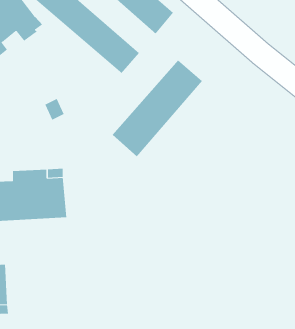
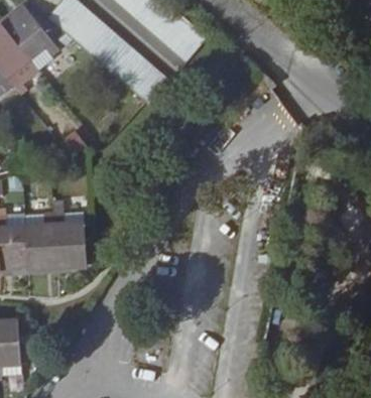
building: [112,60,203,157] -> none

